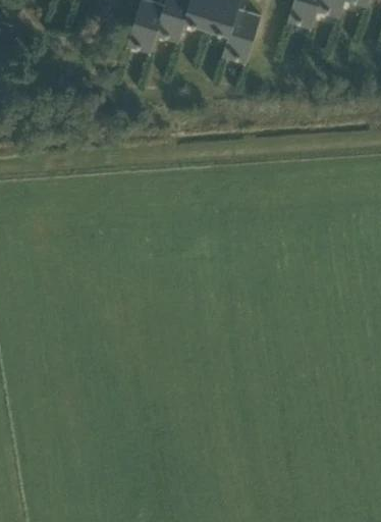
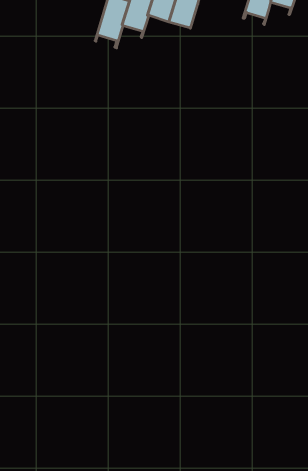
building: [220,7,260,64] -> none

